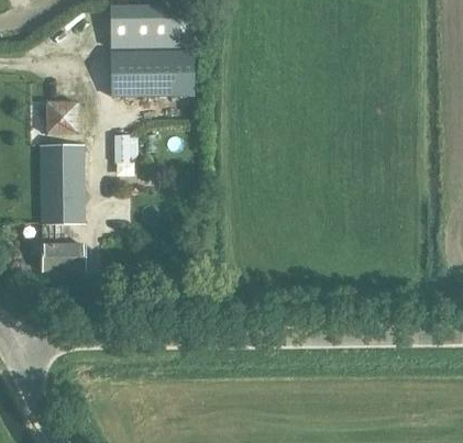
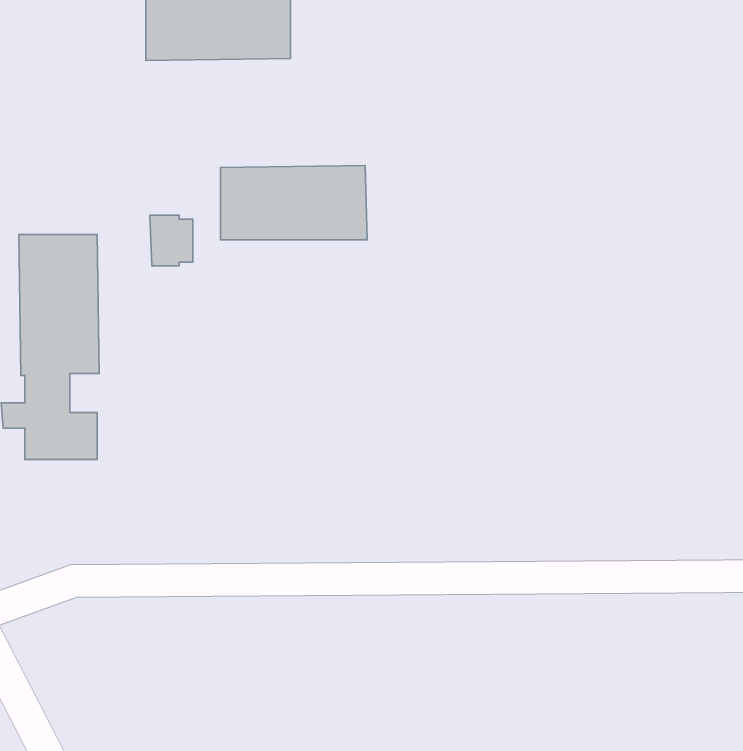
building: [111,52,194,93] -> [221,165,367,240]
building: [47,103,78,134] -> none

